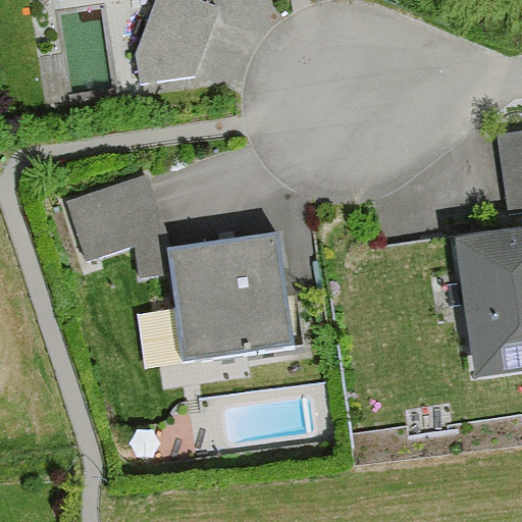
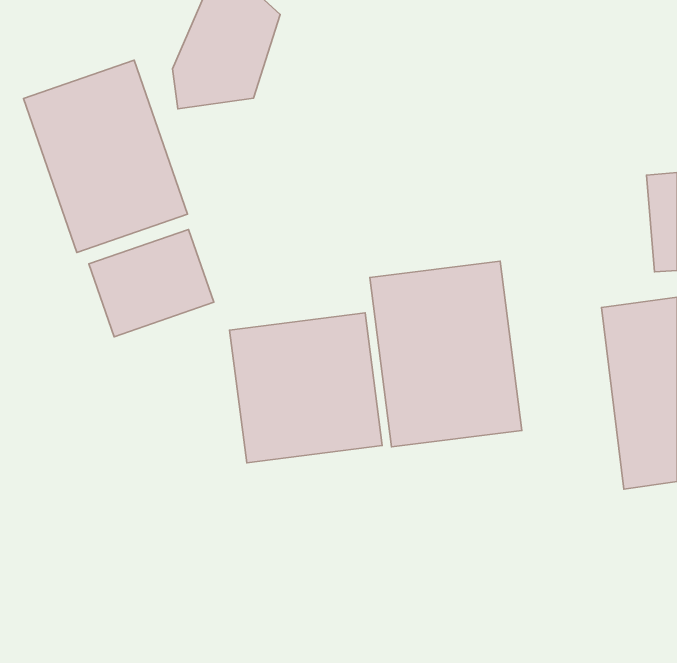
building: none -> [24,60,187,253]
building: none -> [370,261,522,447]

